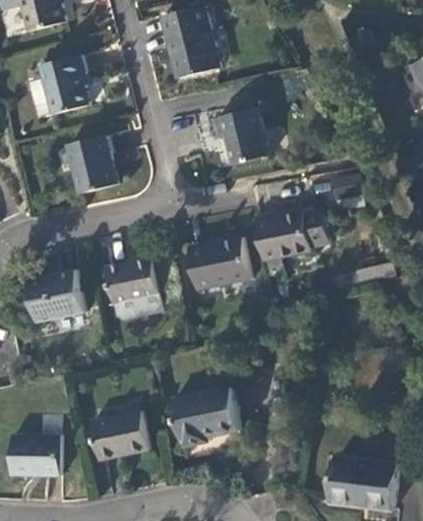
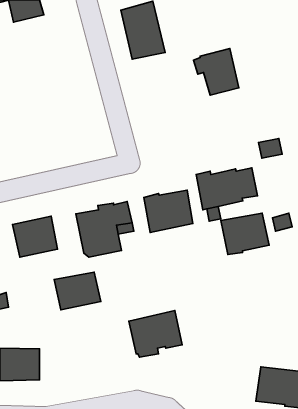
building: [39,53,87,111] -> none
building: [213,106,268,164] -> [194,49,239,95]
building: [67,135,117,192] -> none
building: none -> [221,213,269,254]
building: [90,412,148,459] -> [54,272,101,310]

